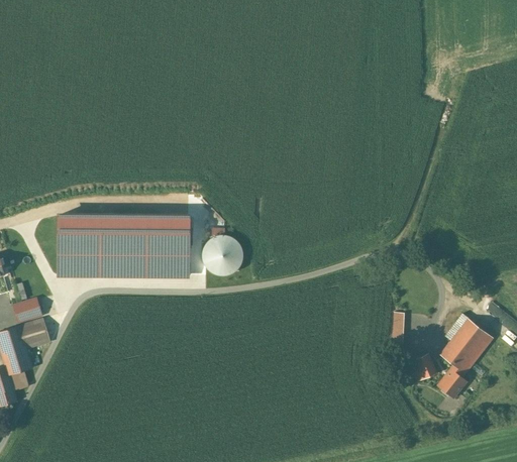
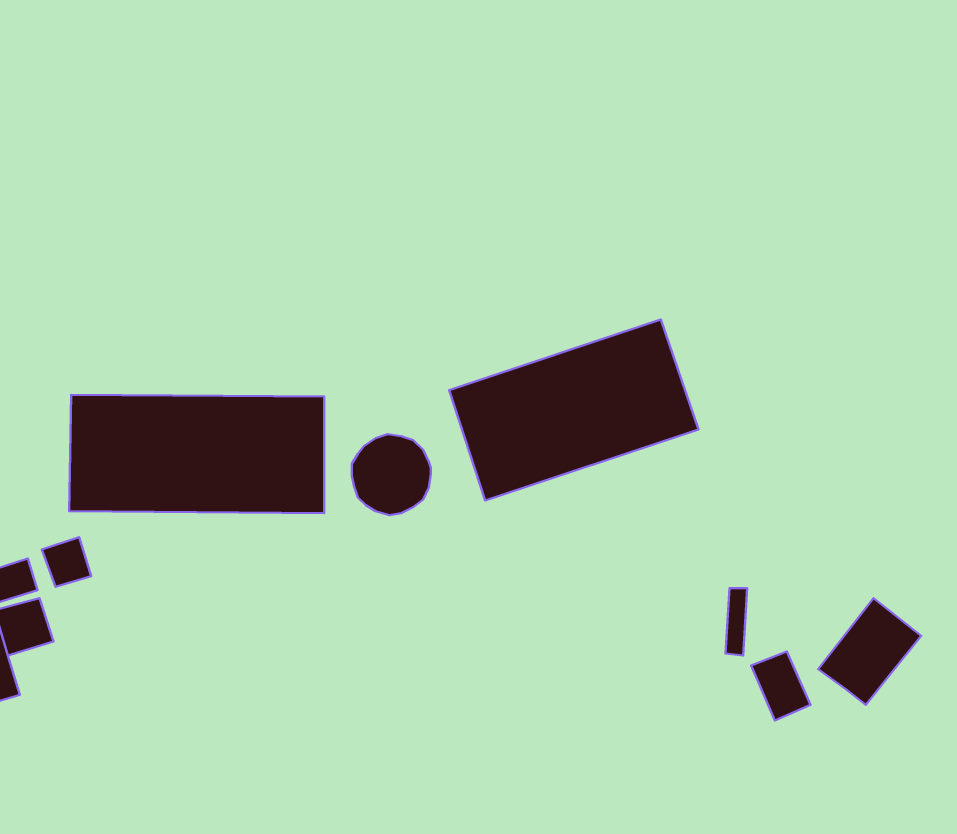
building: none -> [449,320,698,501]
building: none -> [42,537,91,587]
building: [438,366,466,398] -> none

